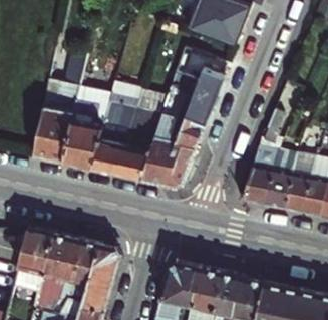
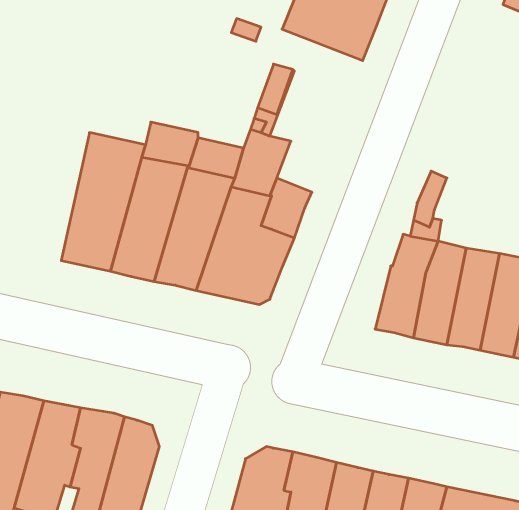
building: [32,48,86,156] -> none
building: [186,65,223,117] -> none

